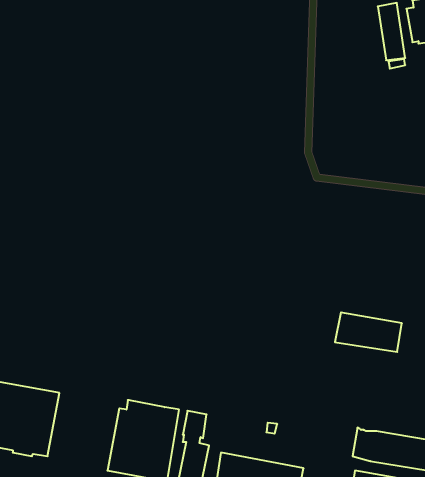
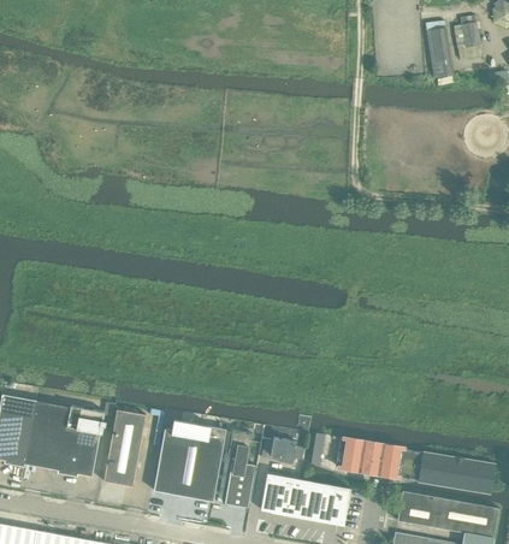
building: [335,312,402,352] -> [337,437,404,477]
building: none -> [103,409,146,486]
building: none -> [261,438,304,463]

